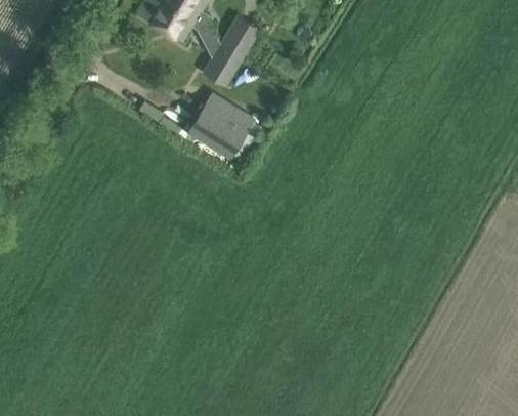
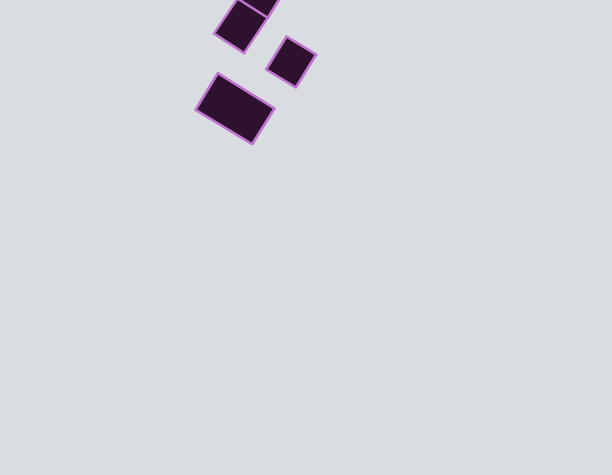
building: none -> [266,37,316,87]

